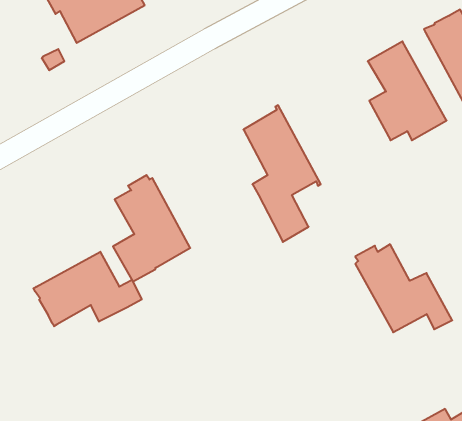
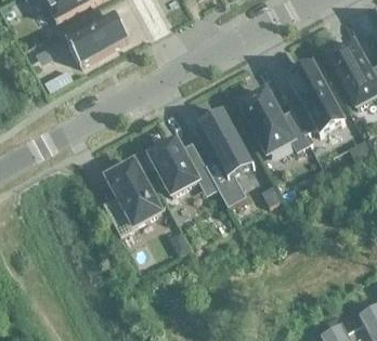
building: none -> [149,136,210,193]
building: [355,244,452,332] -> [240,88,310,150]
building: [33,252,142,326] -> none

